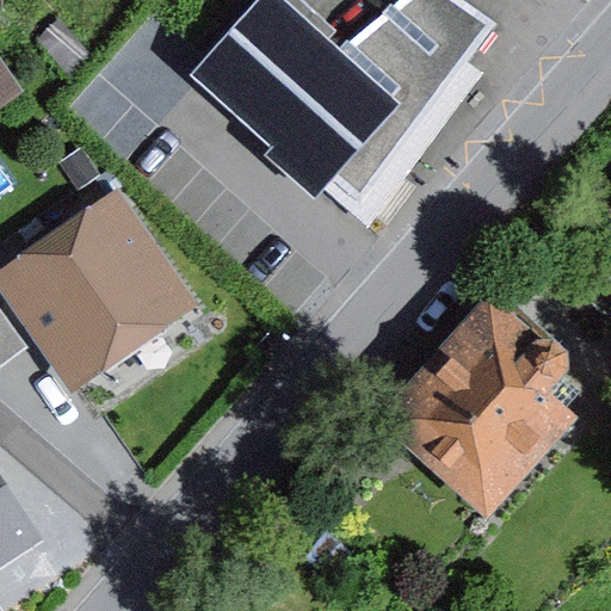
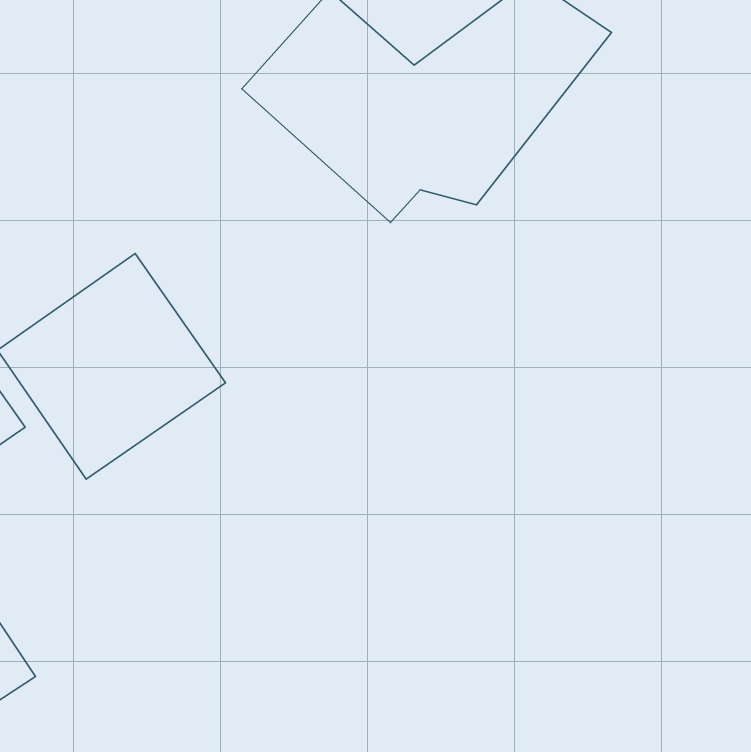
building: [391,310,558,493] -> none

